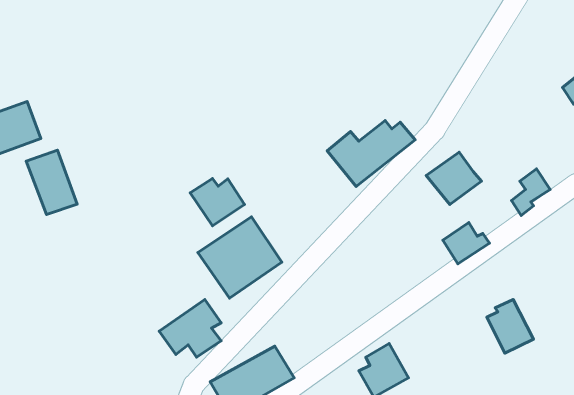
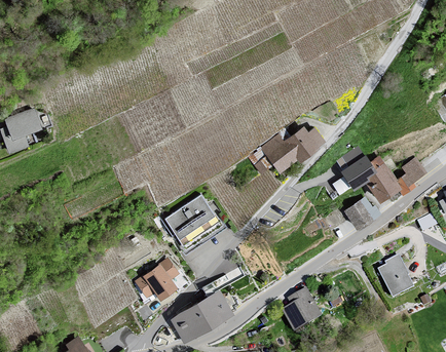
building: [26,150,77,214] -> none
building: none -> [365,155,399,202]
building: [190,179,244,226] -> none

